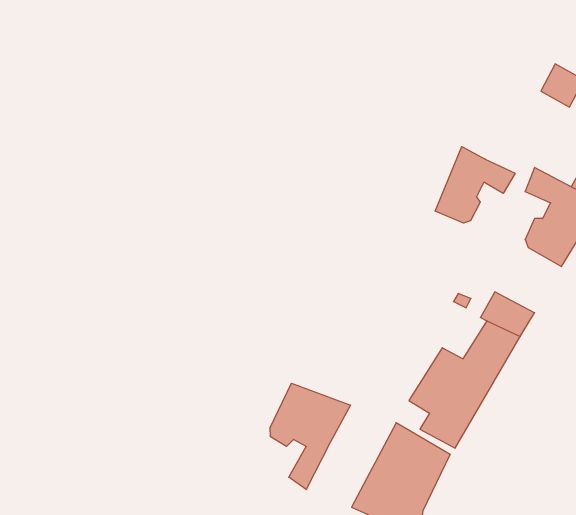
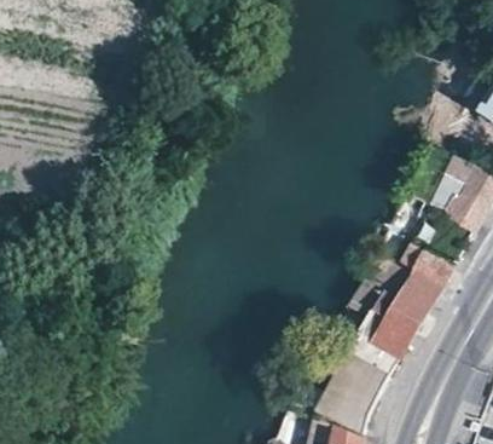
building: [435,147,515,223] -> none
building: [270,383,351,490] -> none

